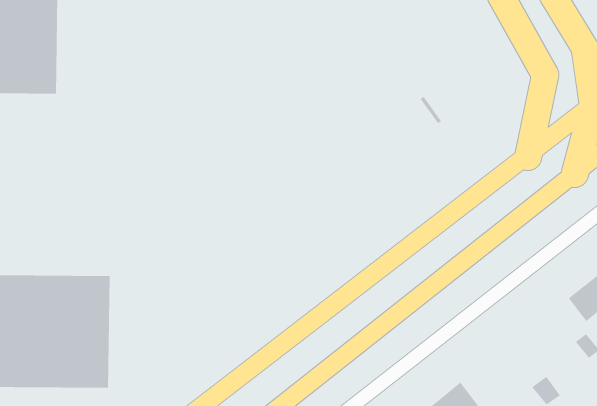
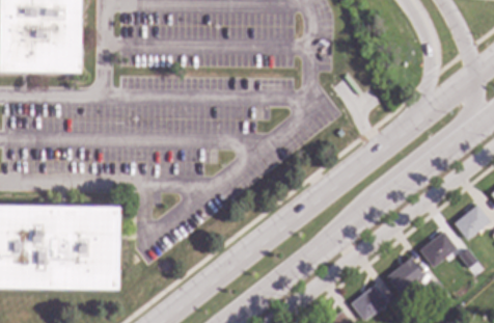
building: none -> [420,231,459,267]
building: none -> [387,257,424,294]

